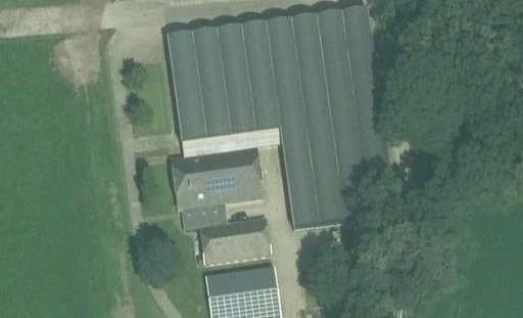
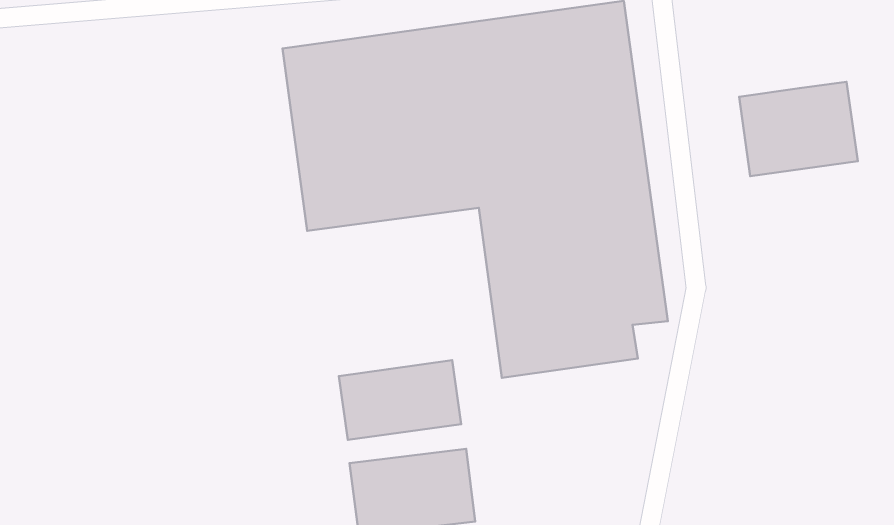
building: none -> [739,82,858,176]
building: [170,146,260,228] -> none

